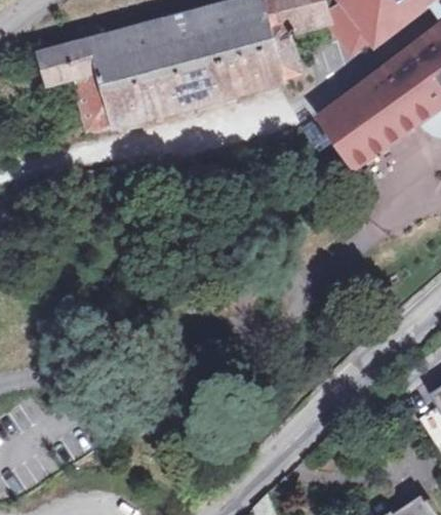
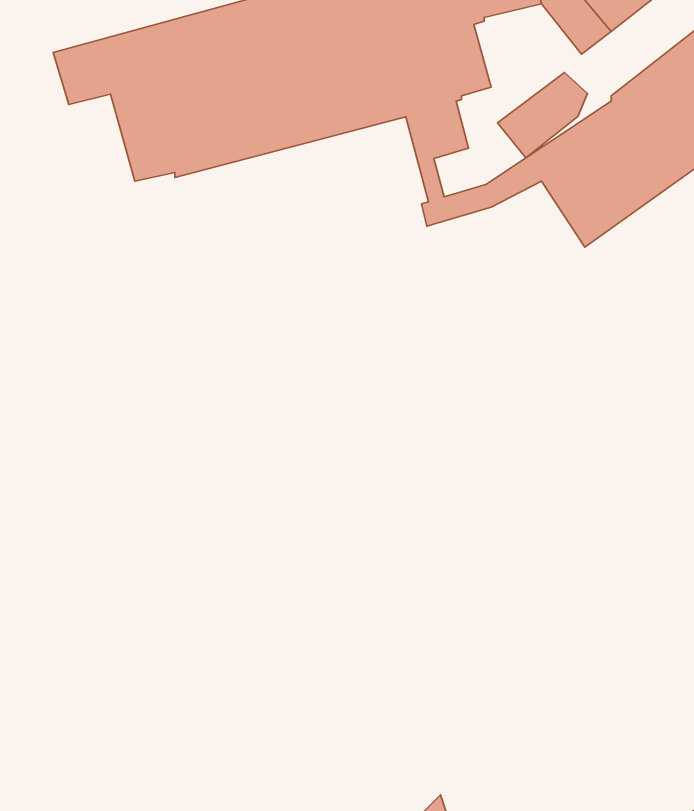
building: none -> [497,72,587,158]

